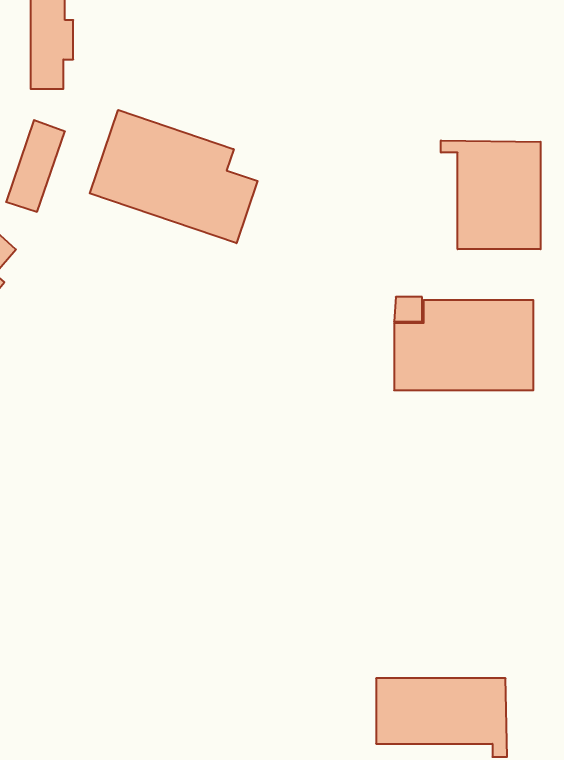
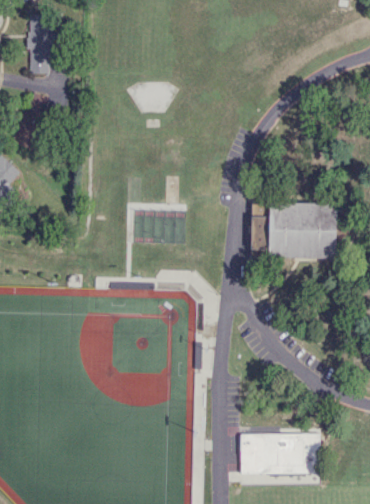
building: [90,110,258,243] -> none
building: [441,140,541,249] -> none

